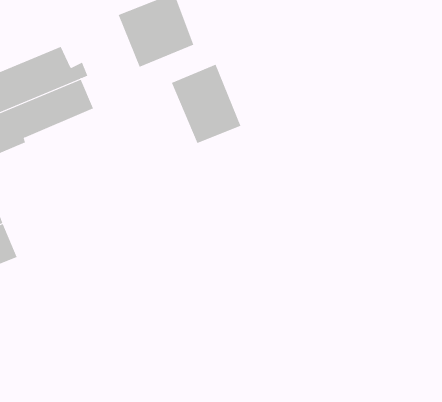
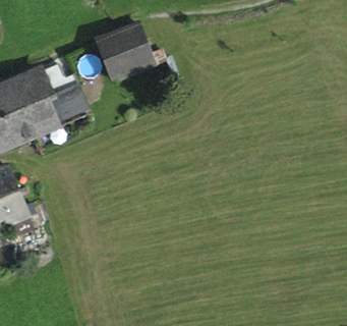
building: [171,64,241,144] -> none

